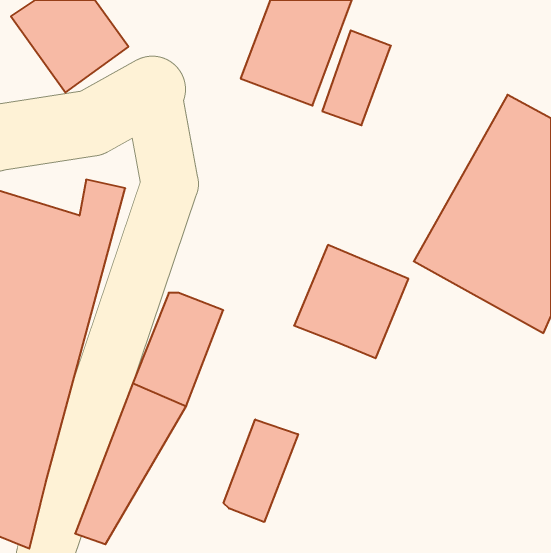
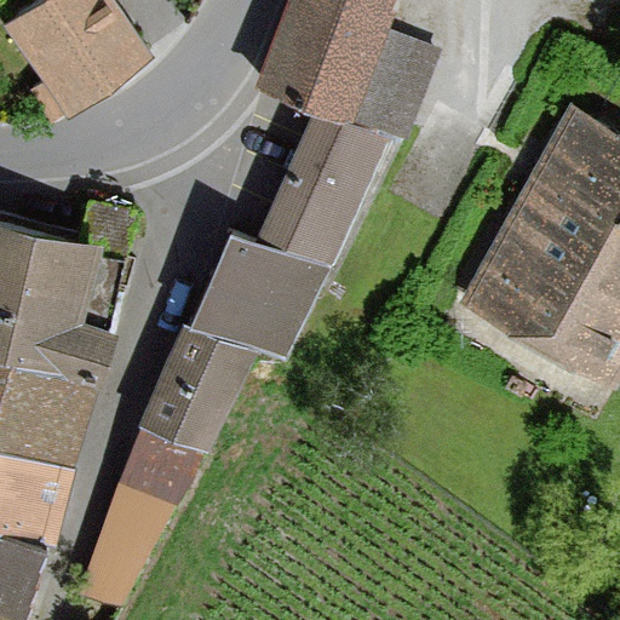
building: none -> [266,122,378,264]
building: [294,245,408,358] -> [199,240,326,366]
building: [224,419,298,522] -> none

